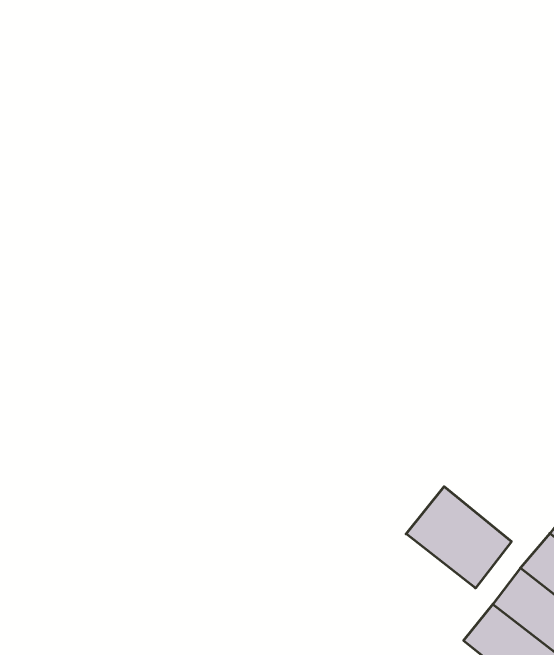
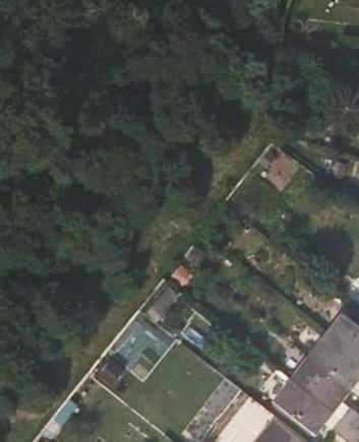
building: [406,487,511,588] -> none

